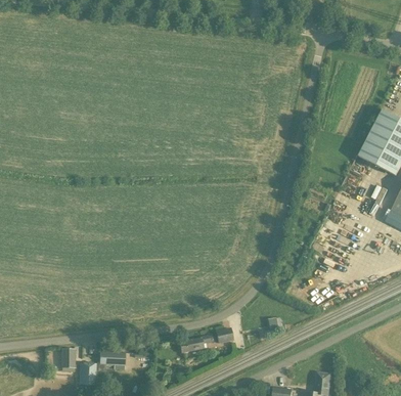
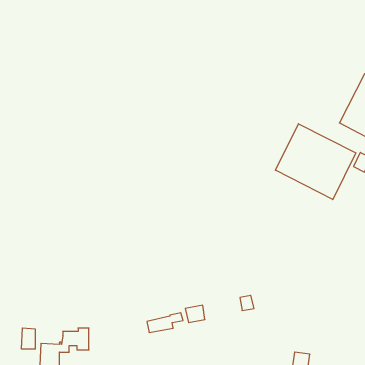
building: none -> [275,124,356,200]

